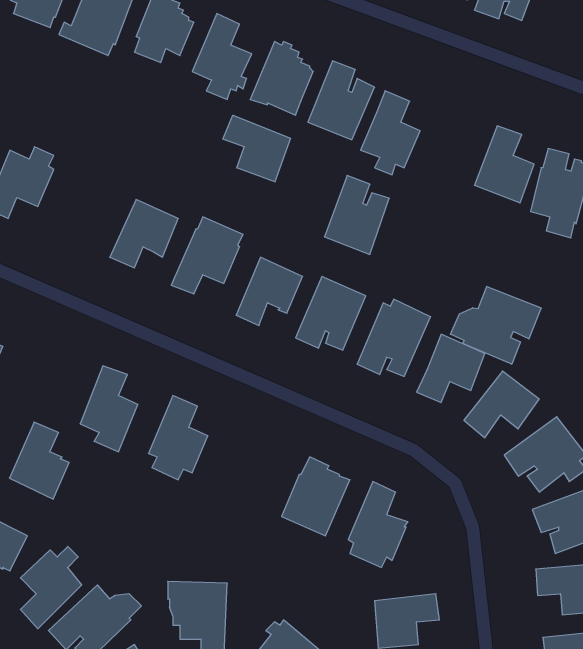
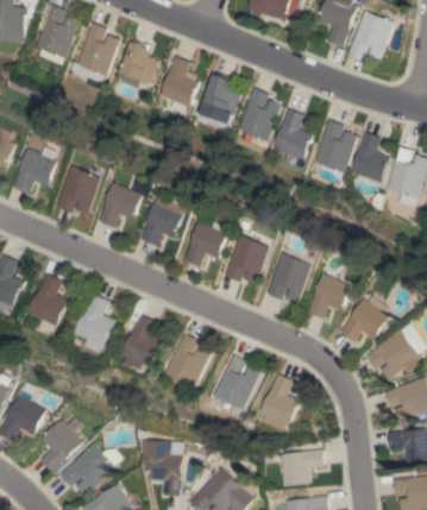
building: [223,115,290,182] -> none
building: none -> [57,164,106,214]
building: [324,175,389,254] -> [312,119,356,172]
building: [450,286,541,364] -> none
building: [9,422,69,499] -> [32,273,73,326]
building: none -> [168,333,214,388]

